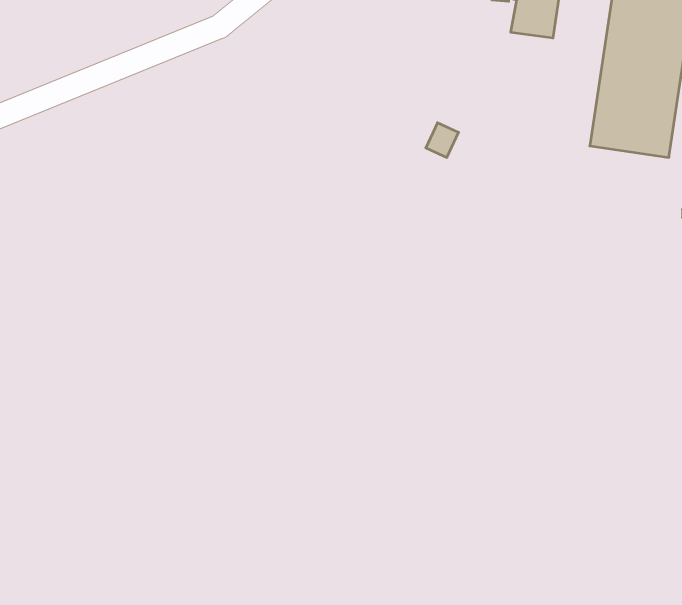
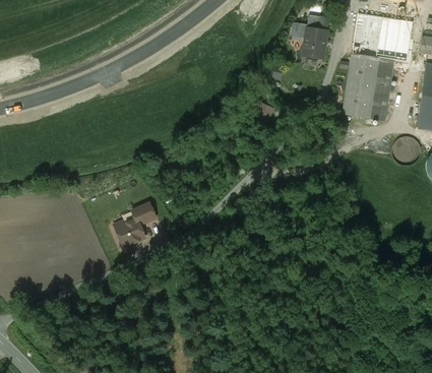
building: none -> [114,202,156,247]

